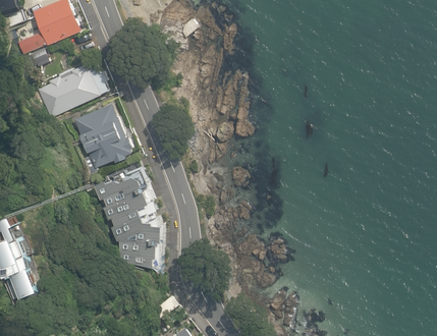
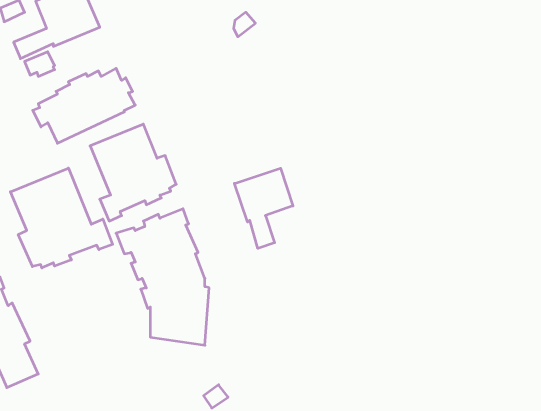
building: none -> [10,168,113,268]
building: none -> [234,168,293,248]

